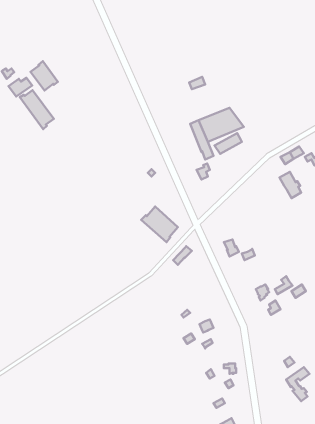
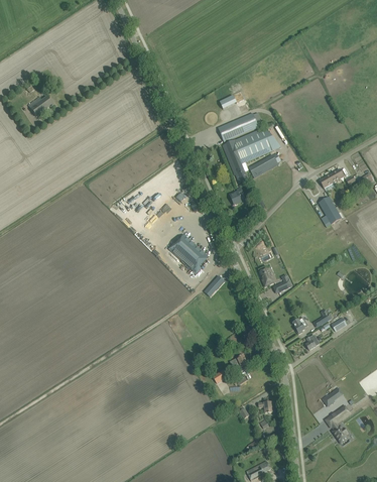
building: [30,61,58,90] -> none
building: [20,90,54,129] -> none
building: none -> [218,113,258,142]

